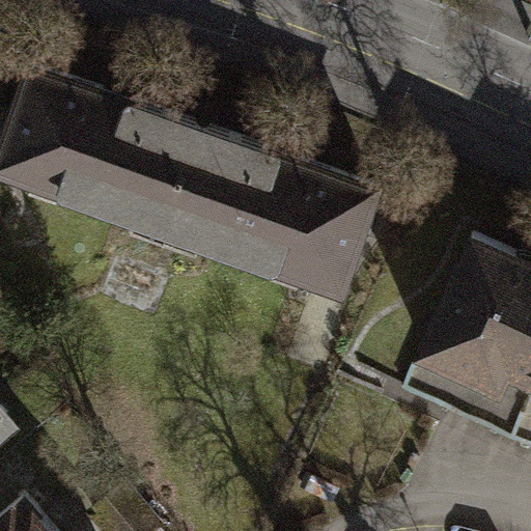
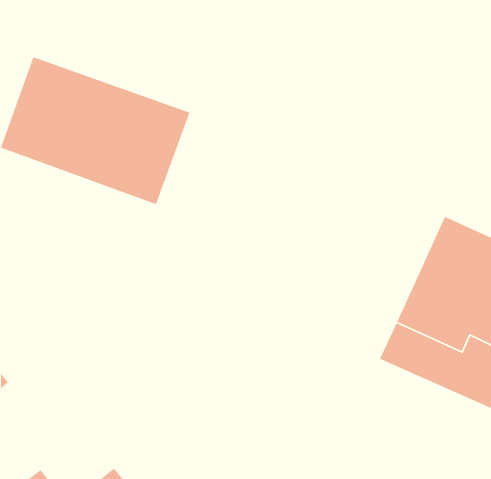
building: [171,137,378,297] -> none

